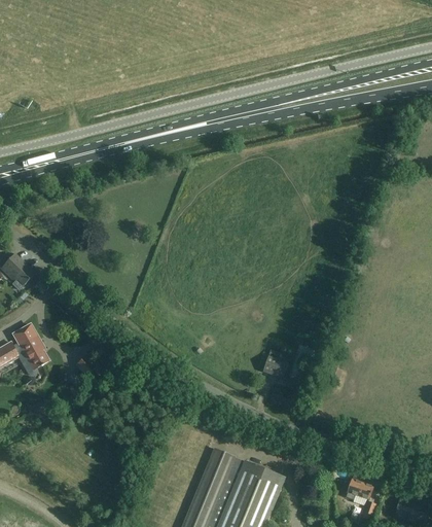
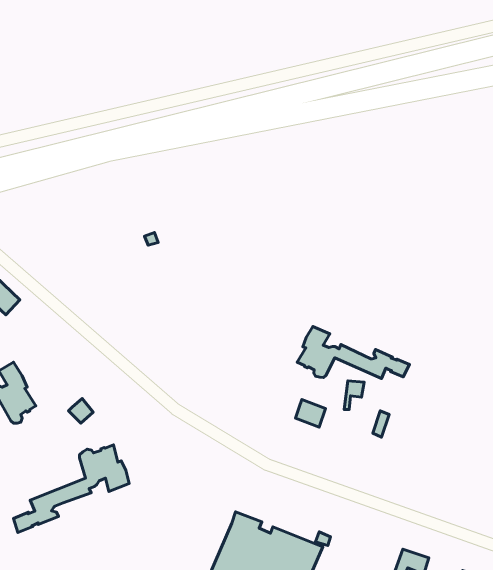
building: none -> [297,326,409,379]
building: none -> [13,445,129,533]

